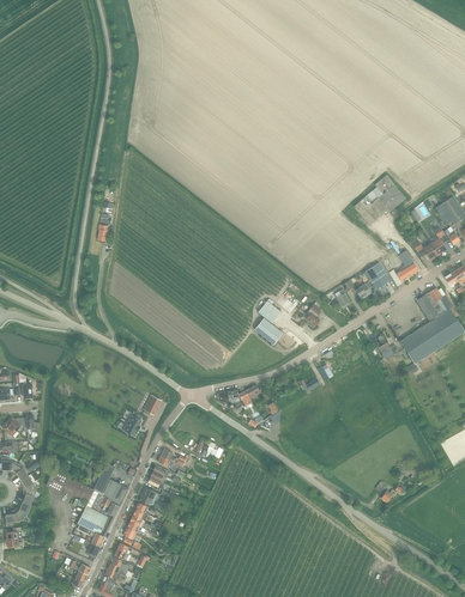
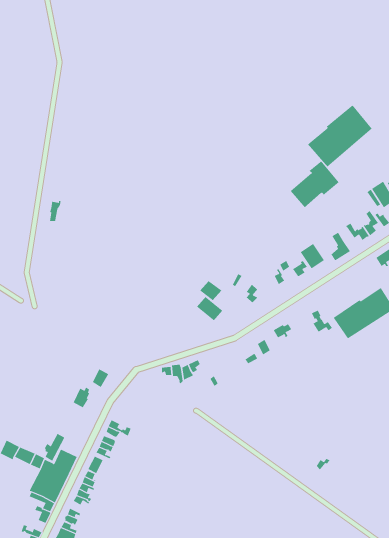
building: none -> [307,104,372,167]
building: [415,287,452,321] -> none

